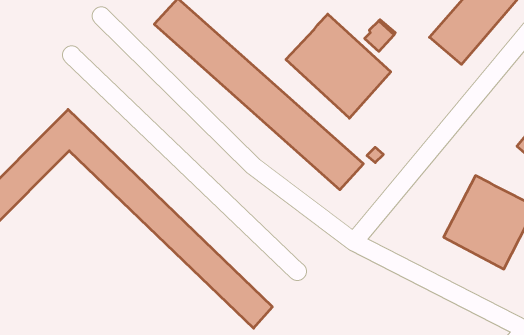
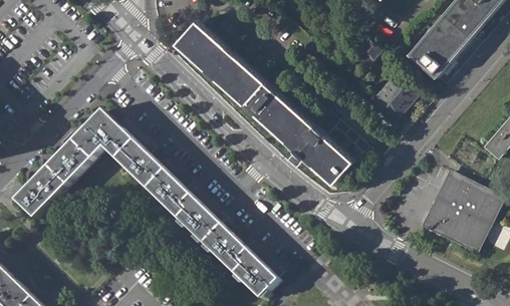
building: [286,14,391,118] -> none
building: none -> [373,72,417,113]

